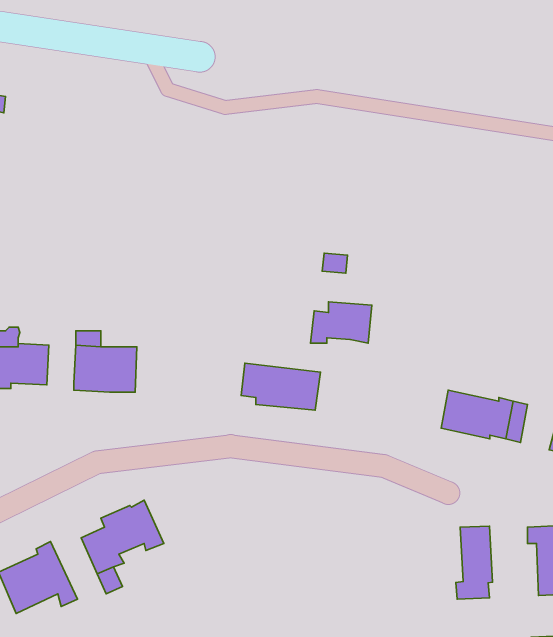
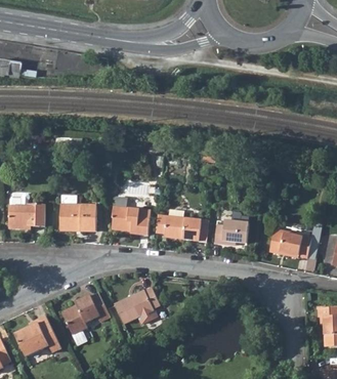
building: [311,302,372,343] -> [212,220,247,244]
building: none -> [111,206,150,237]
building: none -> [115,289,160,325]
building: [456,526,493,599] -> none

